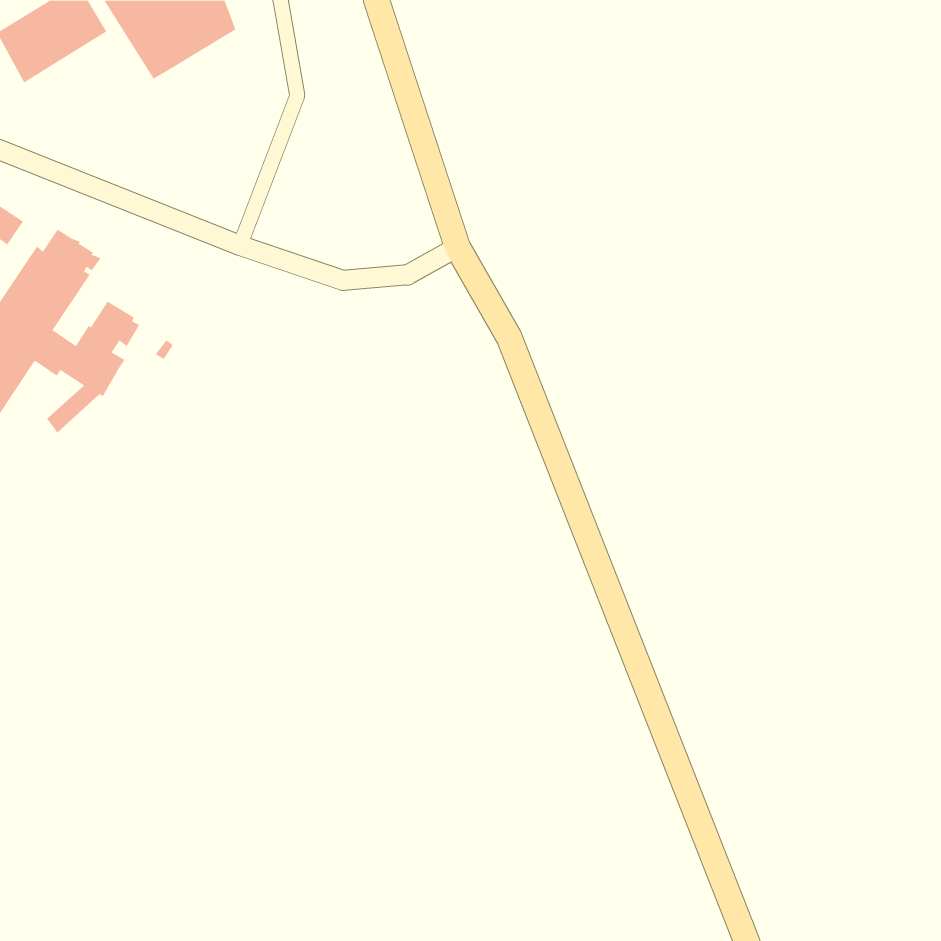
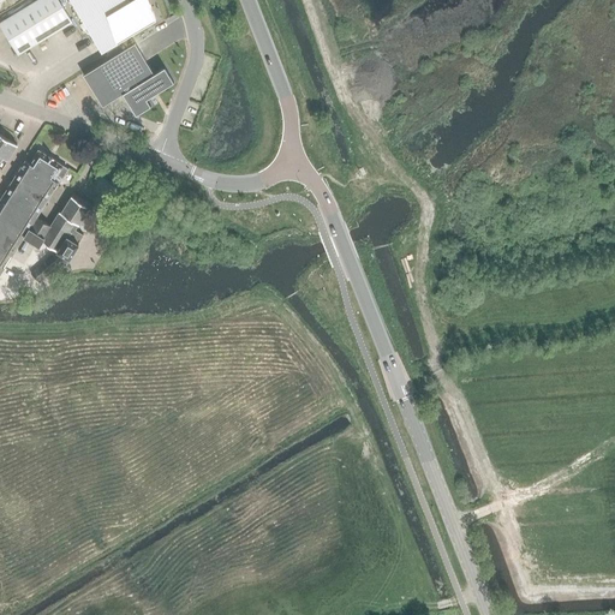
building: none -> [82,43,172,115]

